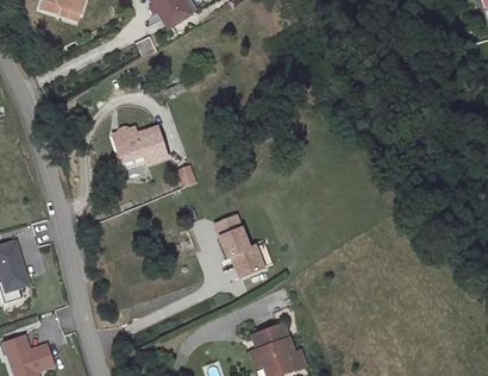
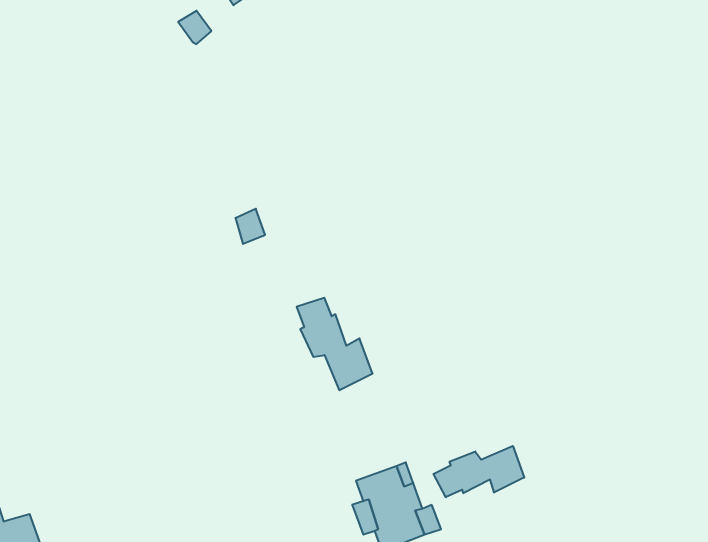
building: [111,118,168,163] -> none
building: none -> [433,446,524,497]

